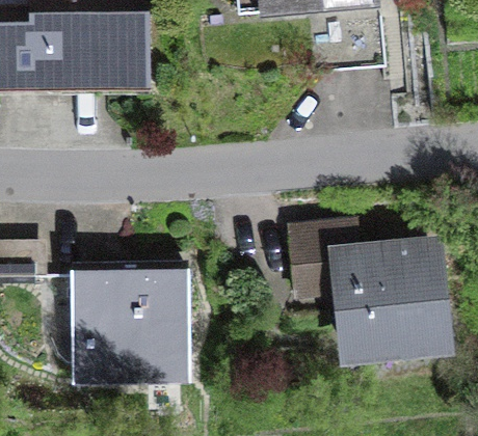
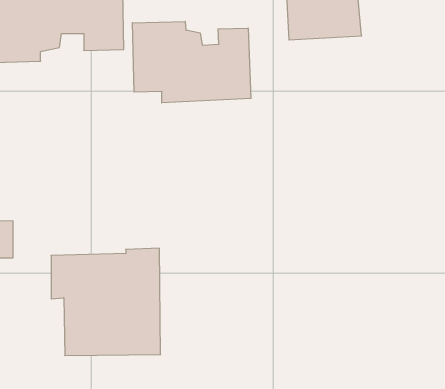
building: none -> [132,21,251,103]
building: [291,233,445,362] -> none

